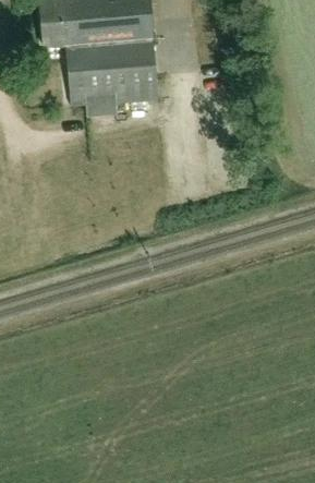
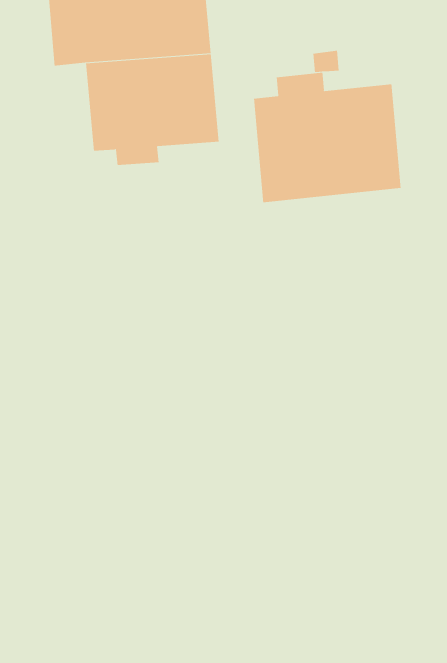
building: none -> [253,72,401,203]

